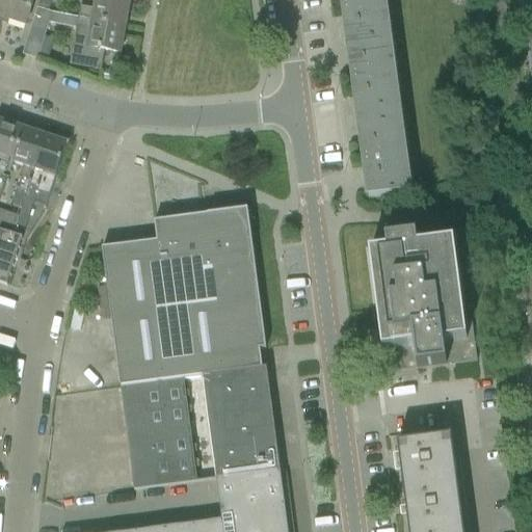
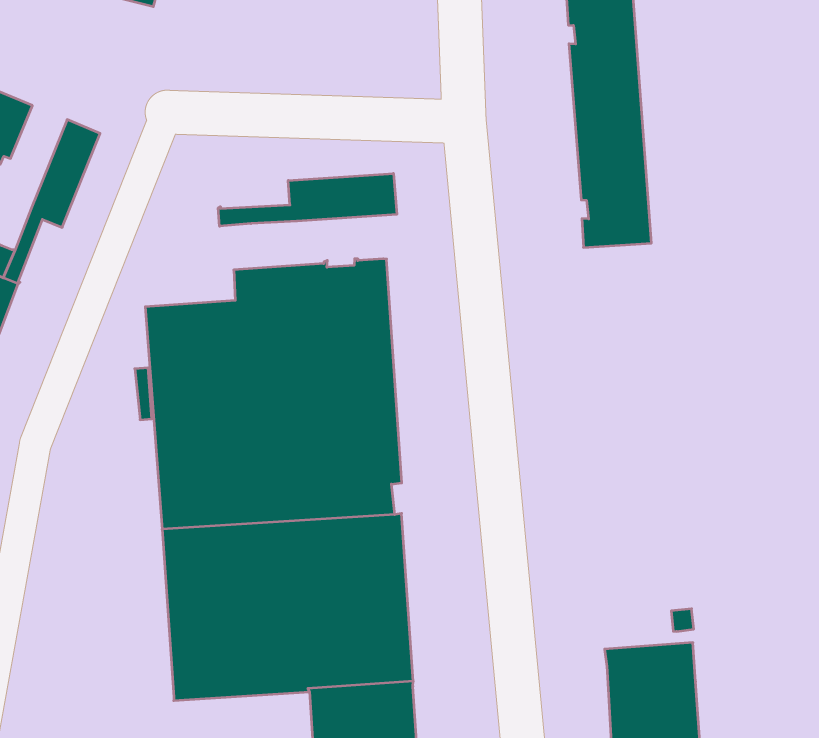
building: [12,126,46,189] -> none
building: none -> [218,173,397,226]
building: [370,232,476,365] -> none

